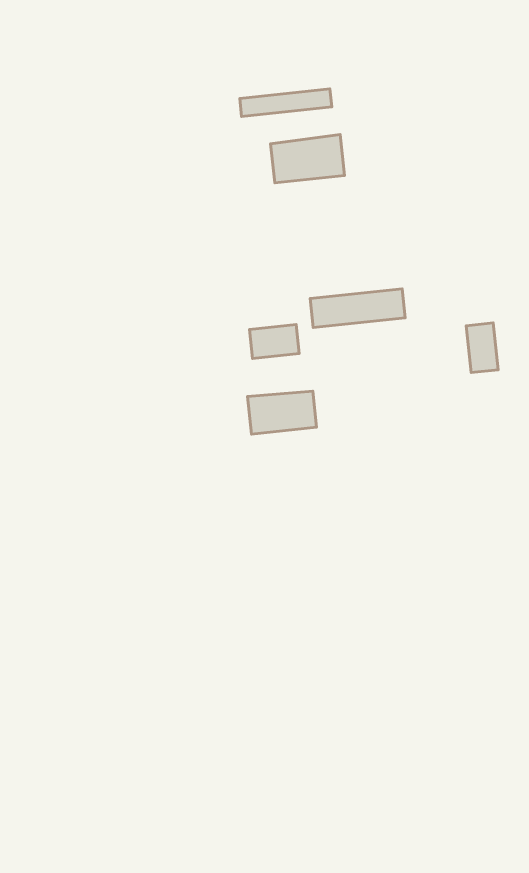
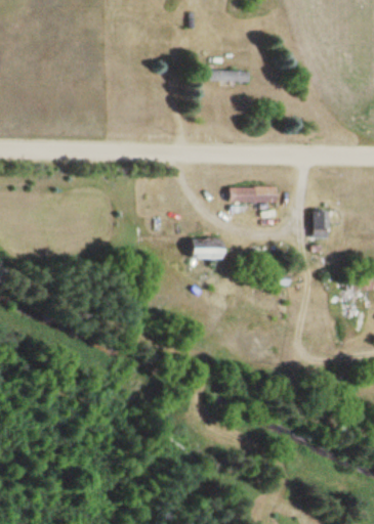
building: [271,134,345,183] -> none
building: [250,324,299,358] -> none

